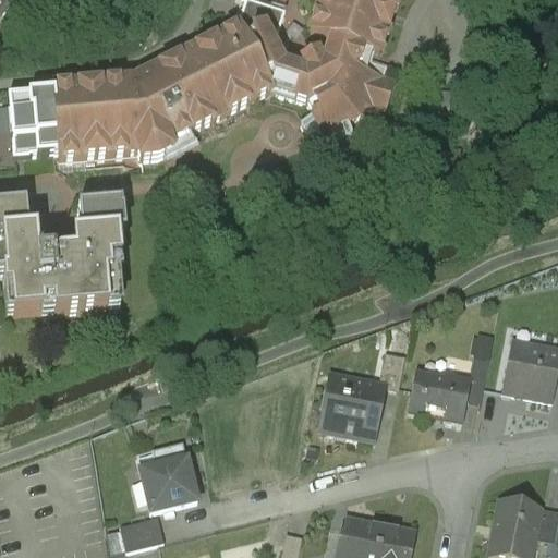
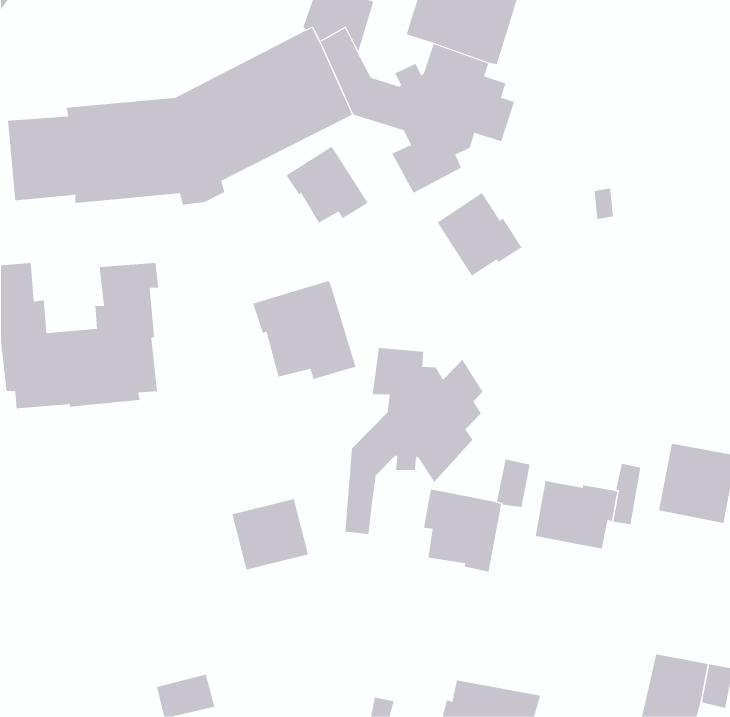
building: none -> [286,146,369,223]
building: none -> [437,192,523,277]
building: none -> [253,280,356,380]
building: none -> [345,347,483,535]
building: [141,453,199,508] -> [231,499,309,570]

